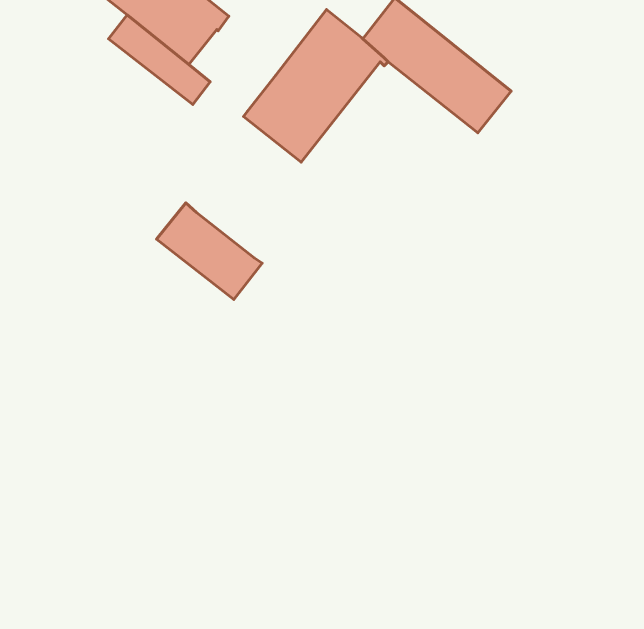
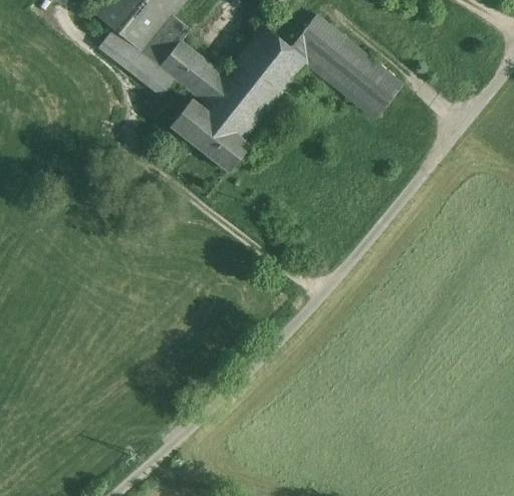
building: none -> [161,41,225,102]
building: [156,203,262,299] -> [172,99,251,172]

